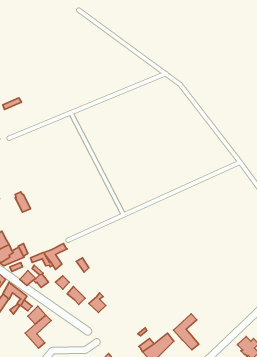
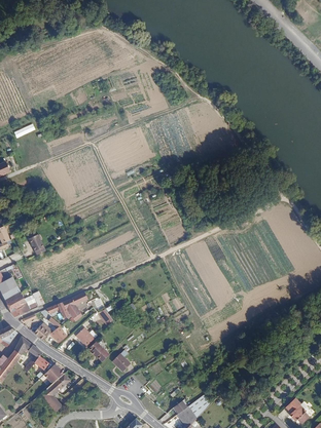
building: [173,314,199,350] -> none

